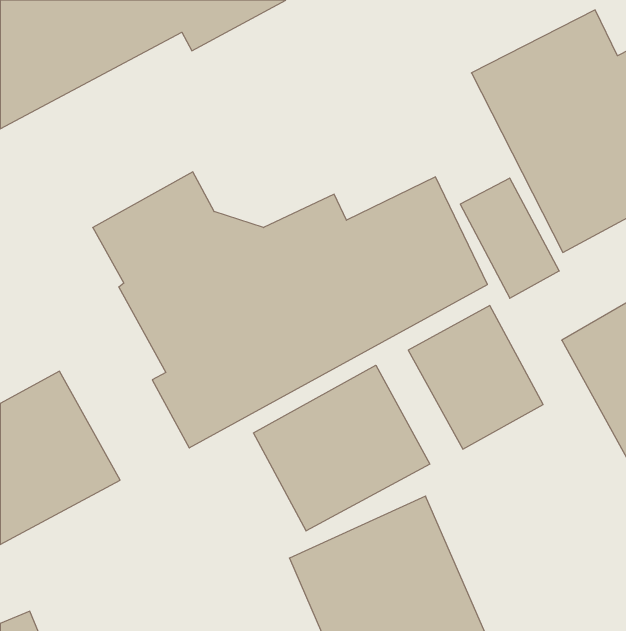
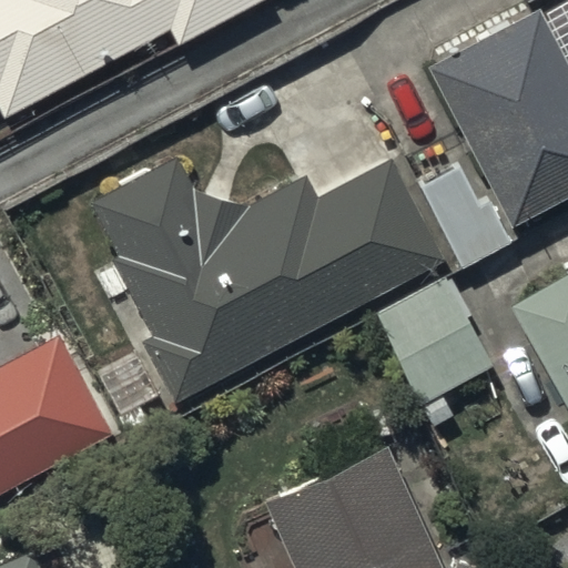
building: [253,365,430,531] -> none

